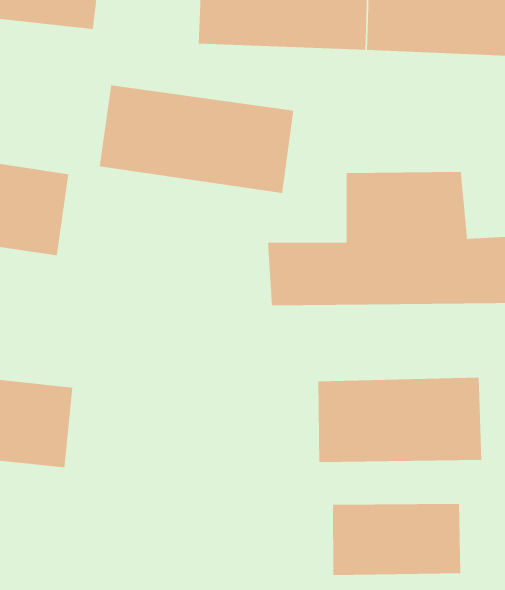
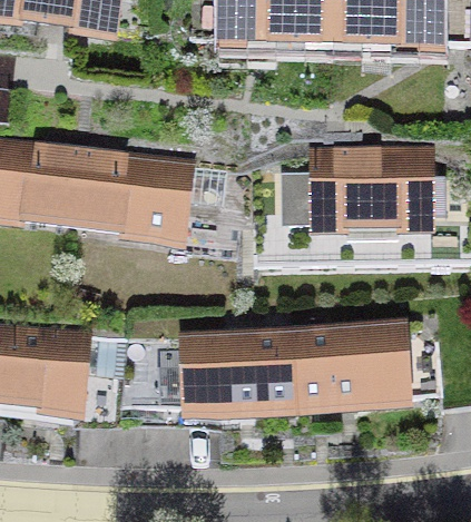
building: [99,85,294,194] -> [69,151,238,246]
building: none -> [121,331,295,406]
building: [332,503,461,576] -> none

